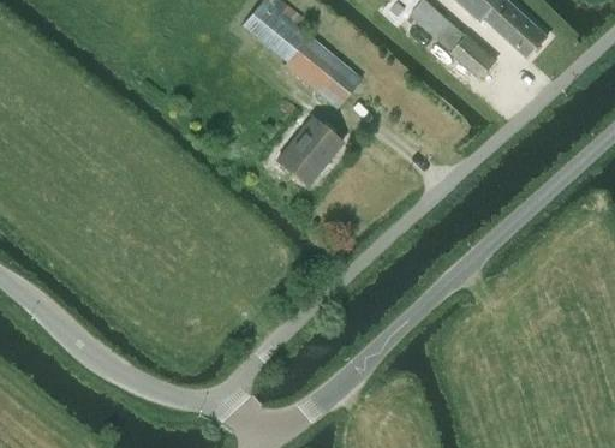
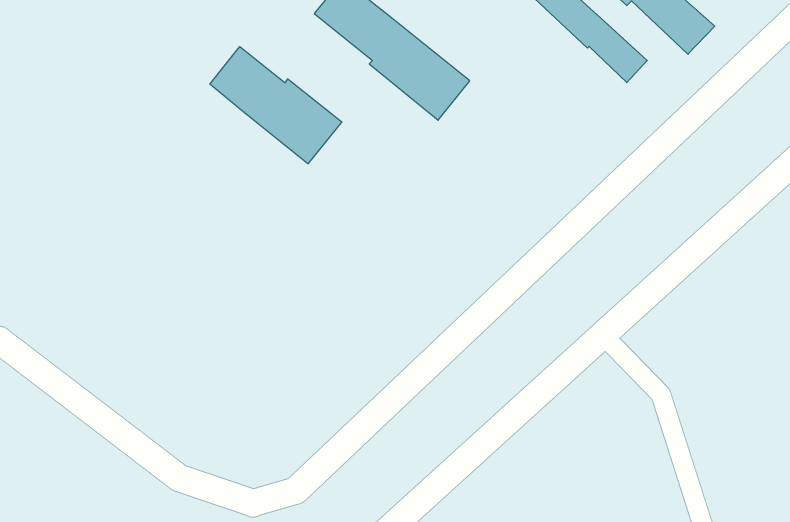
building: none -> [210,47,342,164]
building: [276,118,341,184] -> none

